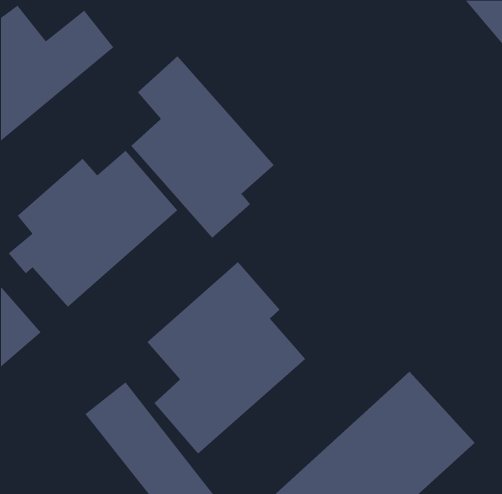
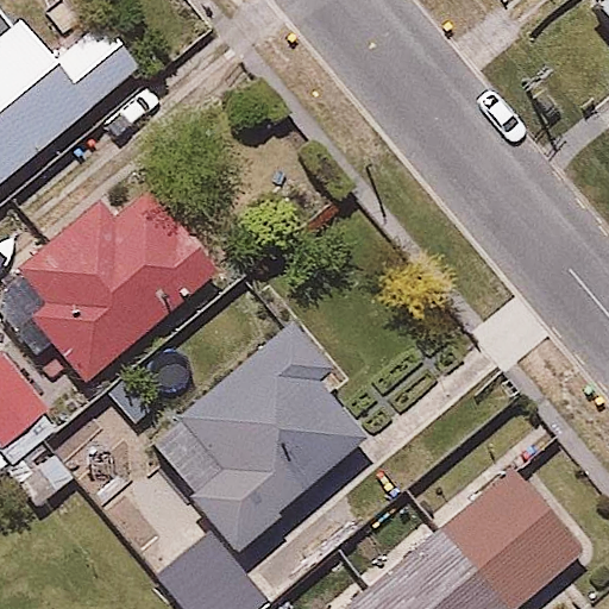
building: [130,55,274,238] -> none

